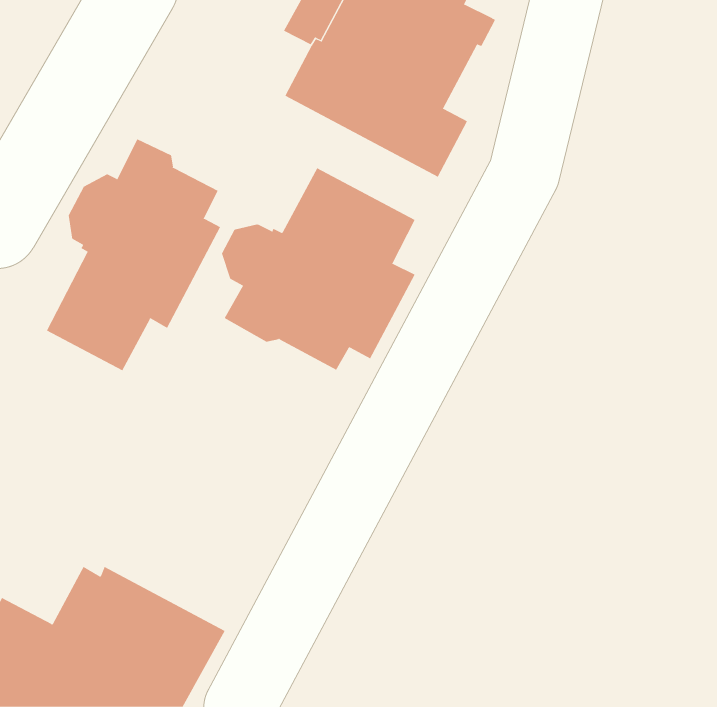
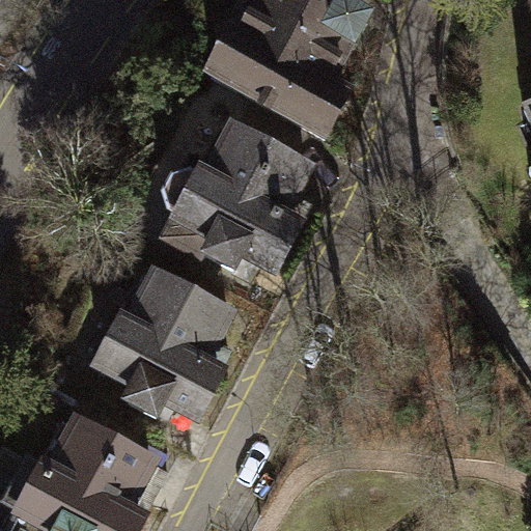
building: [46,139,221,371] -> none
building: none -> [100,272,228,410]

